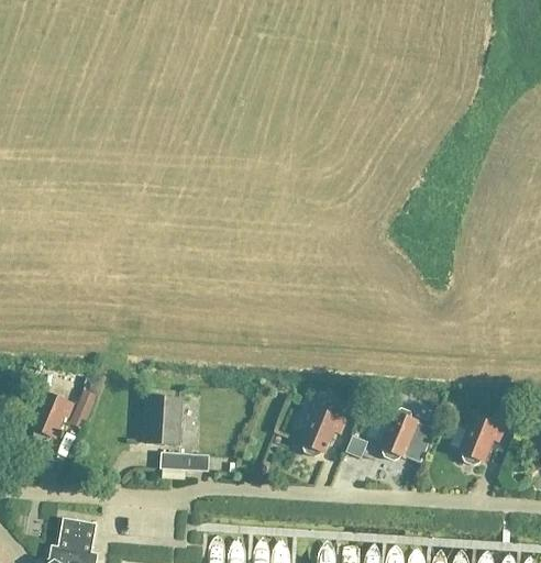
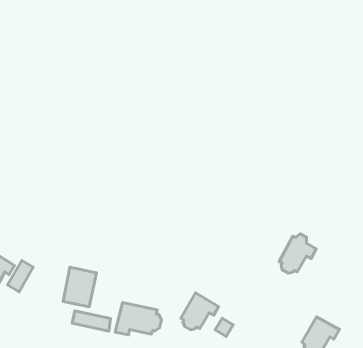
building: [380,407,426,460] -> [279,234,316,273]
building: none -> [115,302,162,335]

